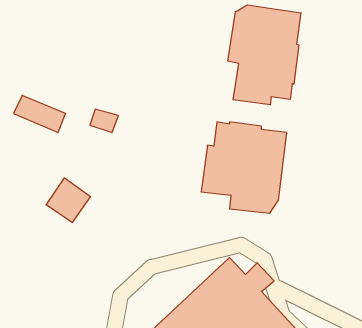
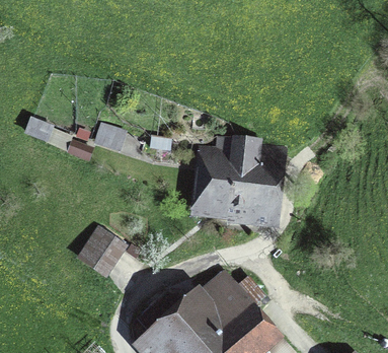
building: [228,5,301,105] -> none
building: [46,178,91,222] -> [75,228,118,271]

